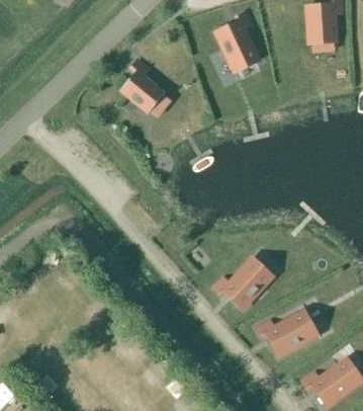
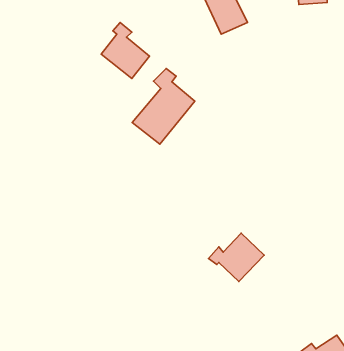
building: none -> [132,68,195,144]
building: [265,312,316,355] -> none

